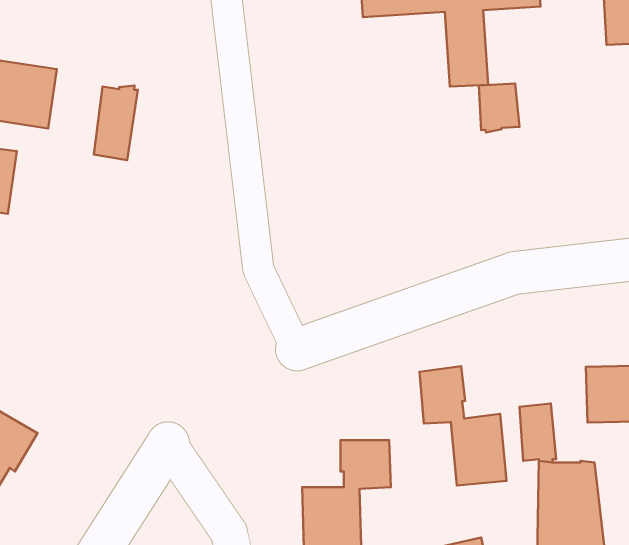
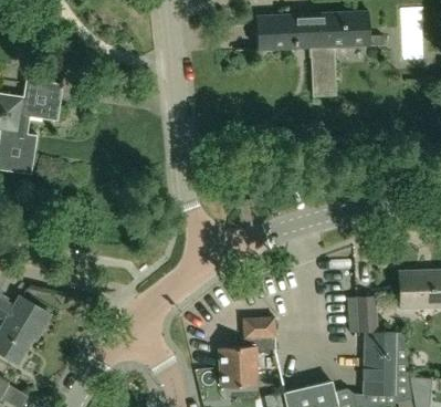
building: [479,84,520,133] -> none
building: [94,85,138,160] -> none
building: [419,366,506,485] -> none

